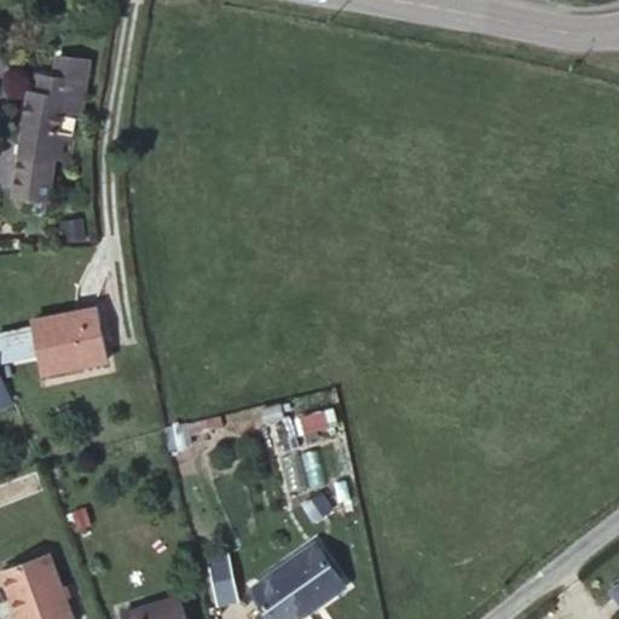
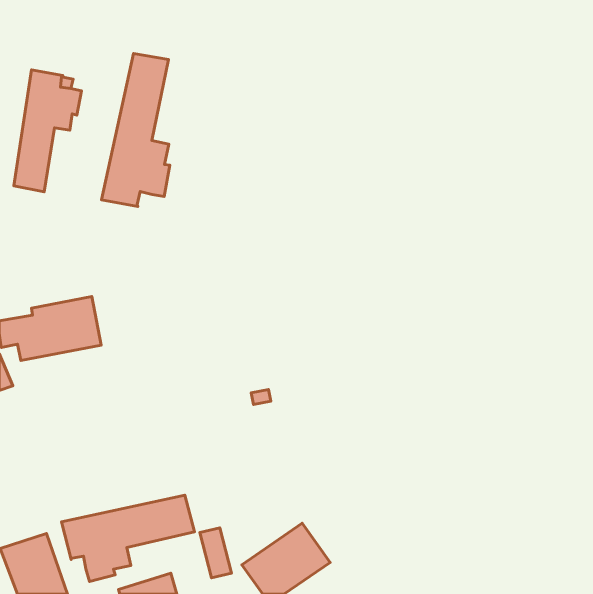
building: none -> [102,53,170,206]
building: none -> [61,495,194,582]

